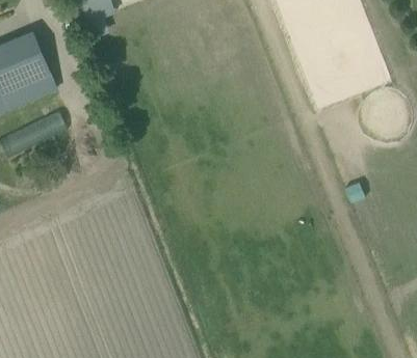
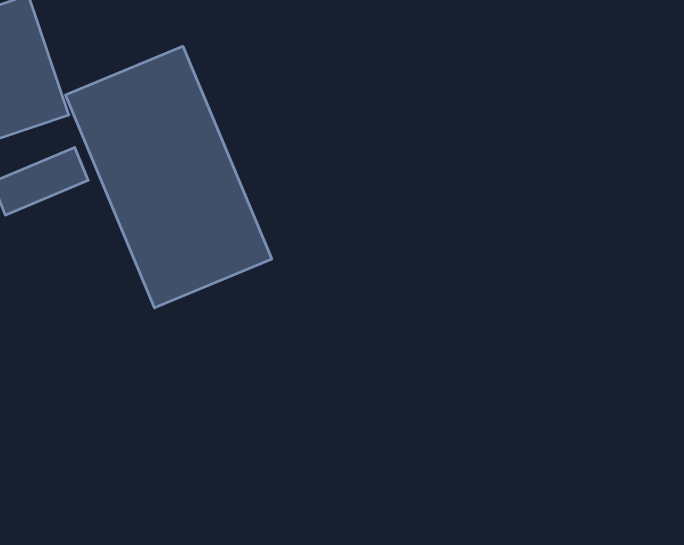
building: none -> [66,46,272,308]

